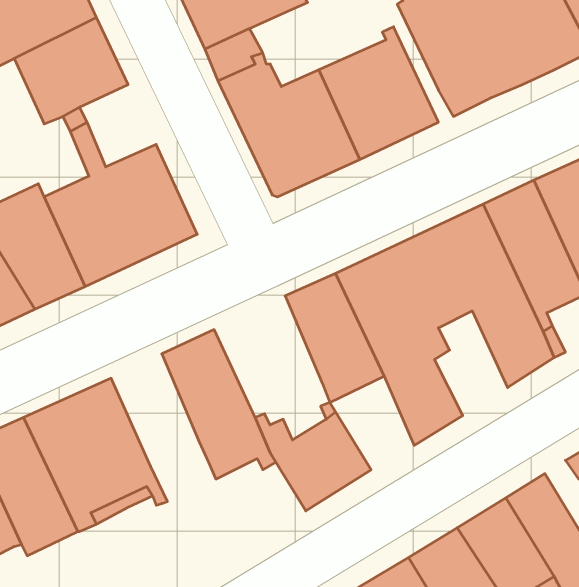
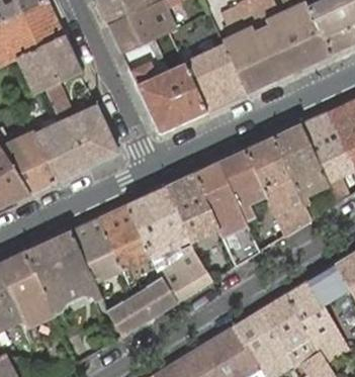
building: none -> [127,186,186,252]
building: none -> [72,217,119,278]
building: none -> [106,276,177,337]

